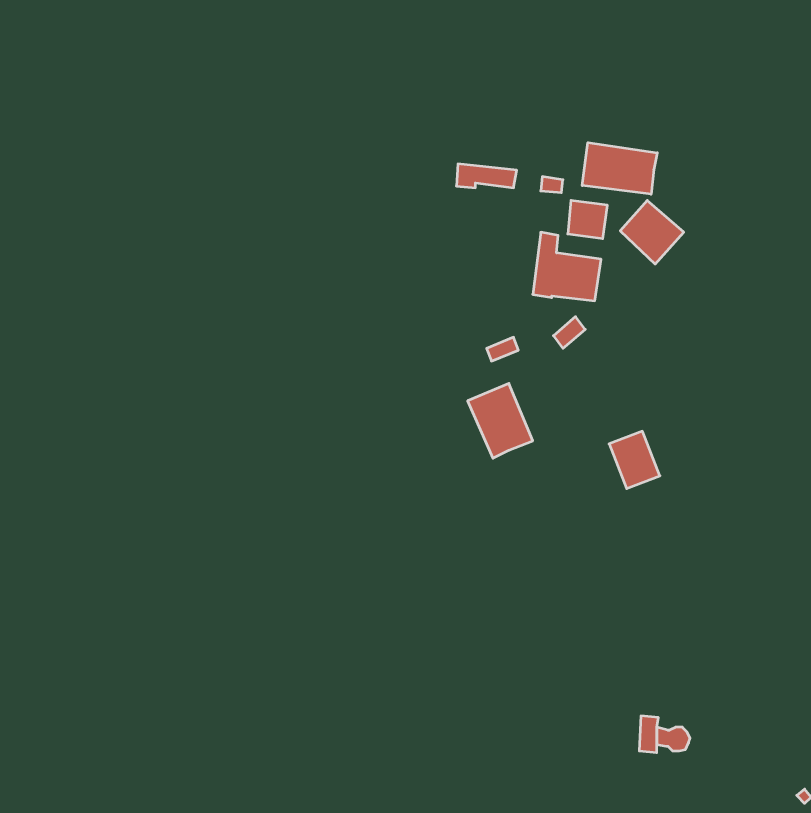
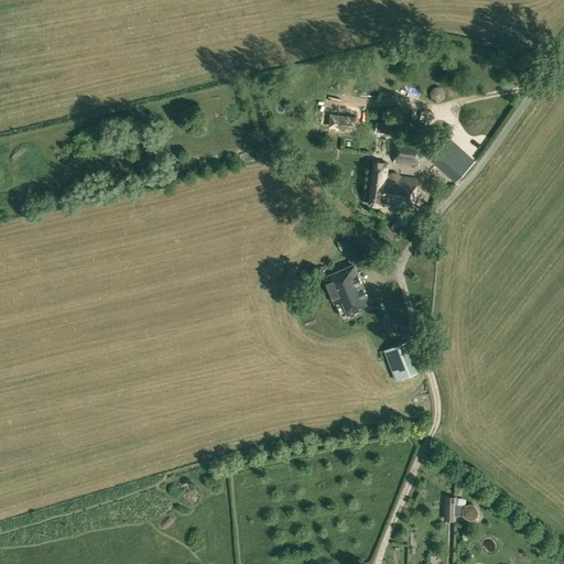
building: [582,143,657,194] -> none
building: [609,431,660,489] -> [382,340,417,380]

